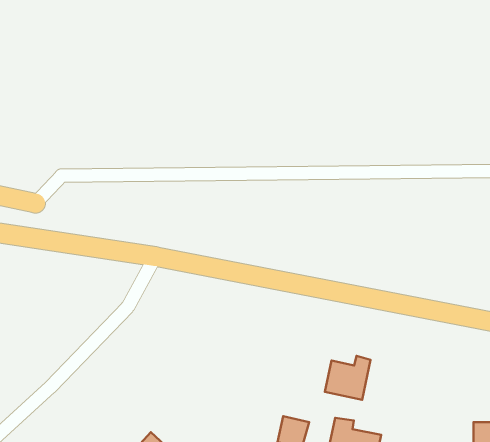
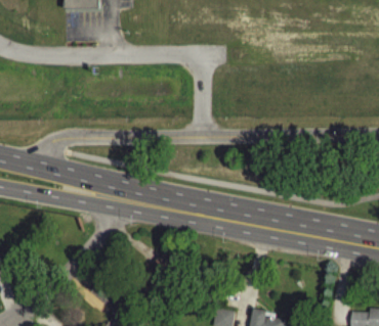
building: [325,356,371,400] -> none

